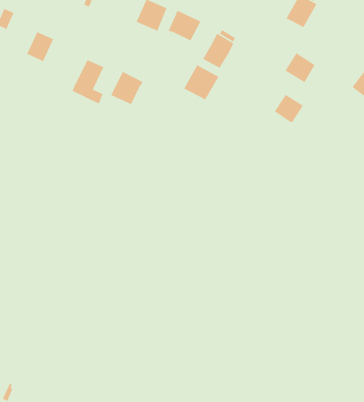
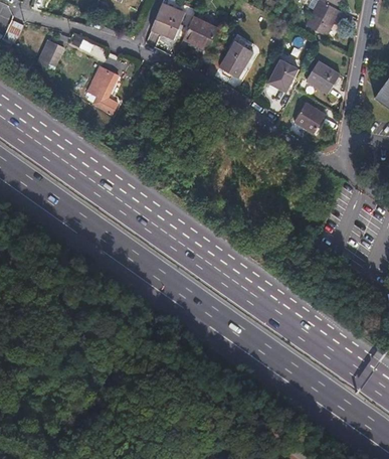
building: none -> [267,61,295,92]
building: [183,64,219,100] -> none
building: [110,71,144,105] -> none

